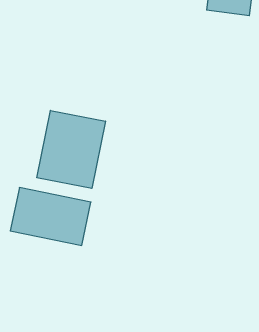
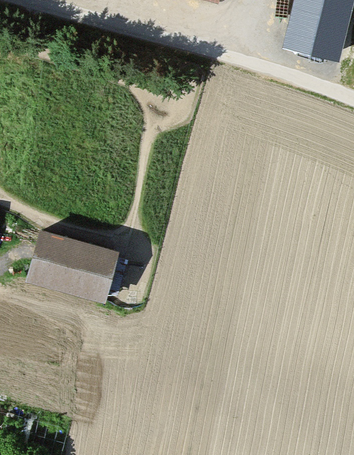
building: [37,110,105,188] -> none

